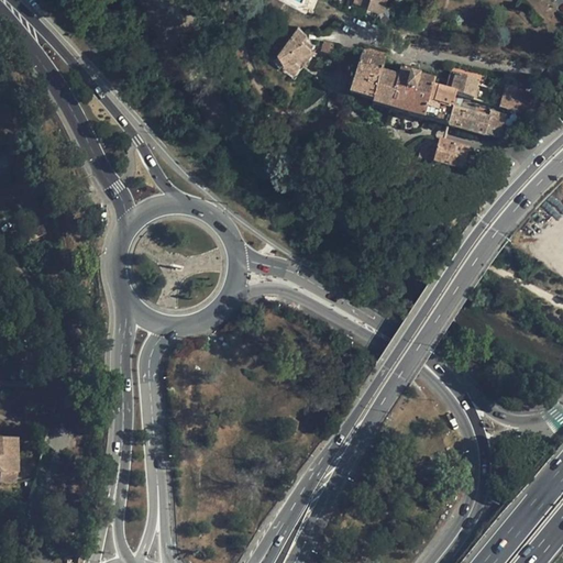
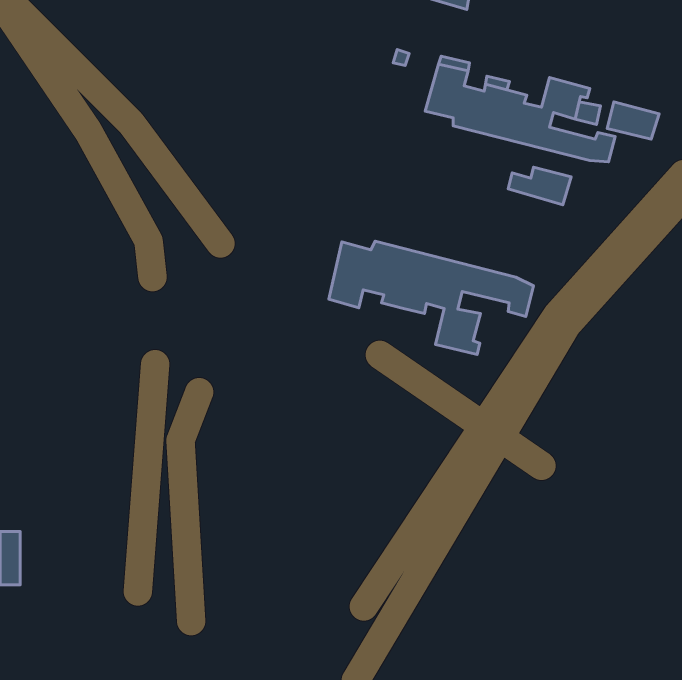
building: [274,23,313,69] -> none
building: none -> [329,241,533,354]

